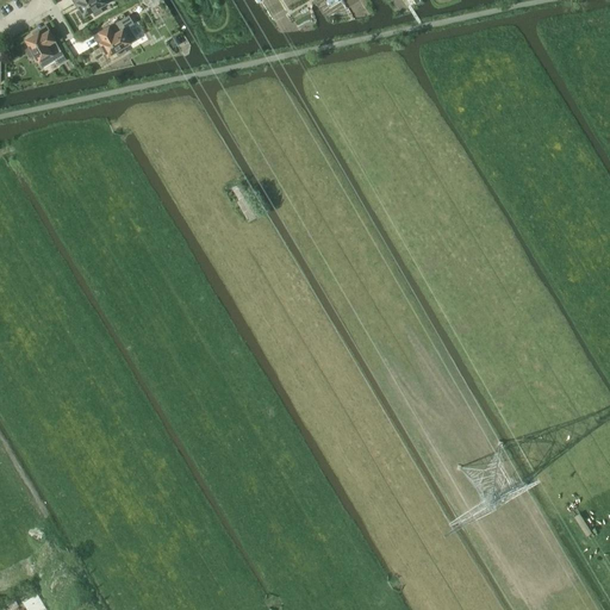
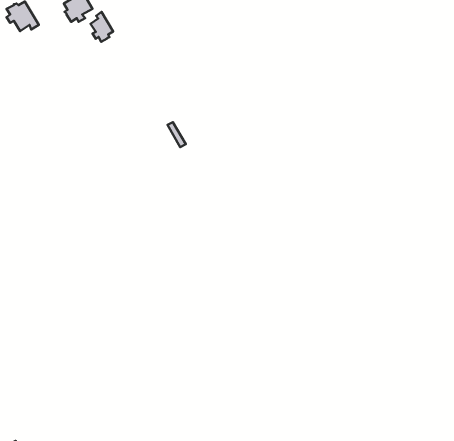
building: none -> [90,12,113,42]

